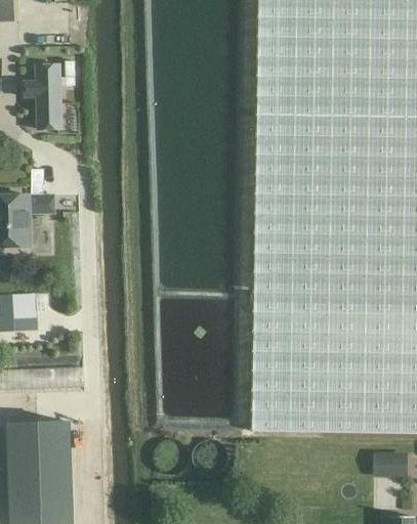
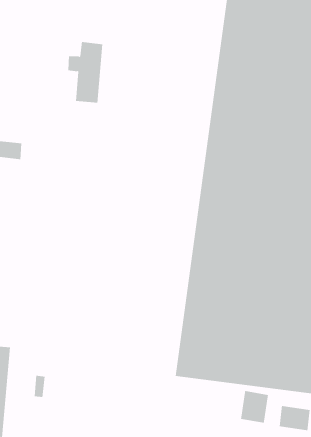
building: [23,64,61,131] -> [67,42,103,103]
building: none -> [241,390,269,424]

